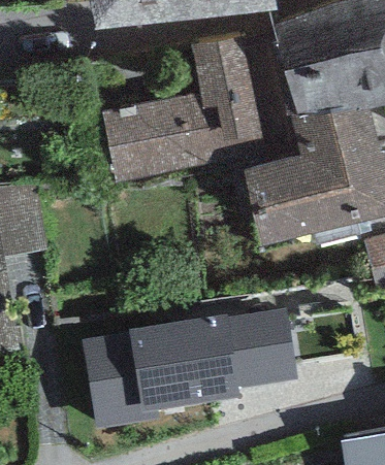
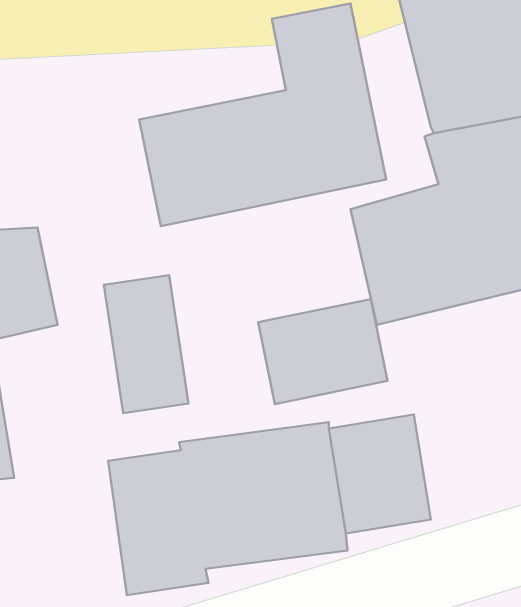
building: none -> [104,275,189,413]
building: none -> [258,299,388,404]

